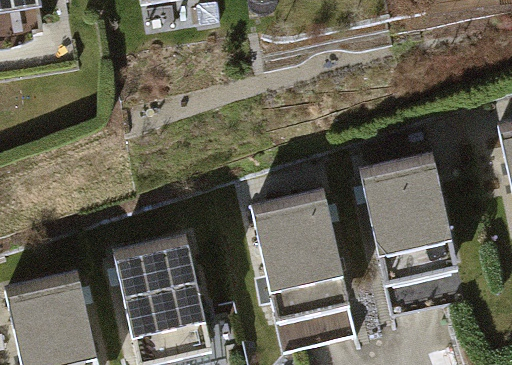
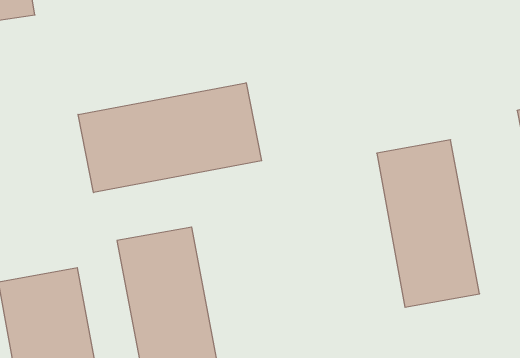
building: none -> [78,83,262,193]
building: [250,187,351,345] -> none

